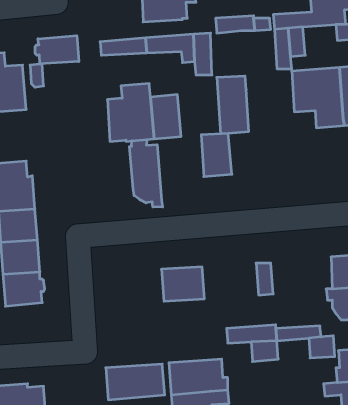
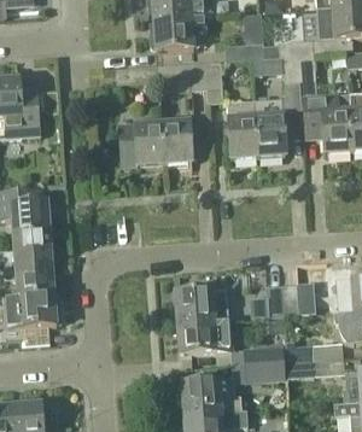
building: [35,36,79,64] -> none
building: [201,134,232,177] -> [256,113,286,156]
building: [129,140,163,207] -> none
building: none -> [280,284,310,315]
building: [106,364,165,400] -> [175,319,233,354]

